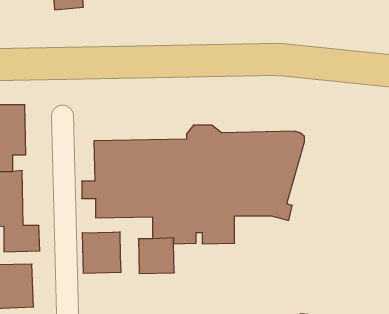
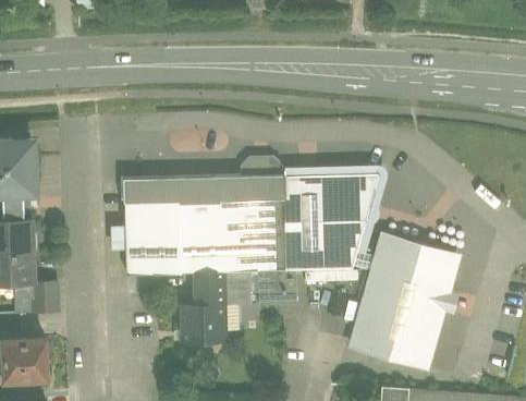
building: none -> [345,230,462,373]
building: [82,232,121,273] -> none

